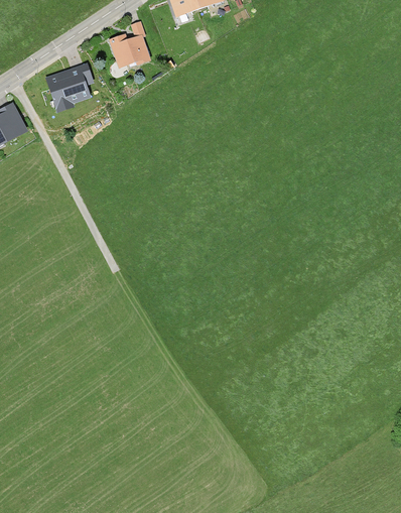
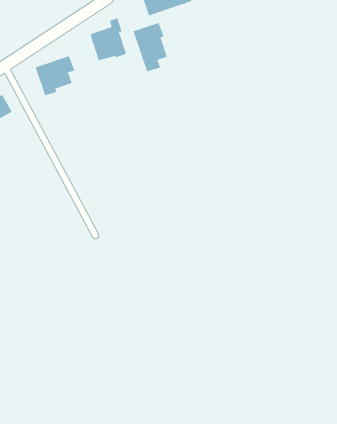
building: none -> [133,22,168,72]

